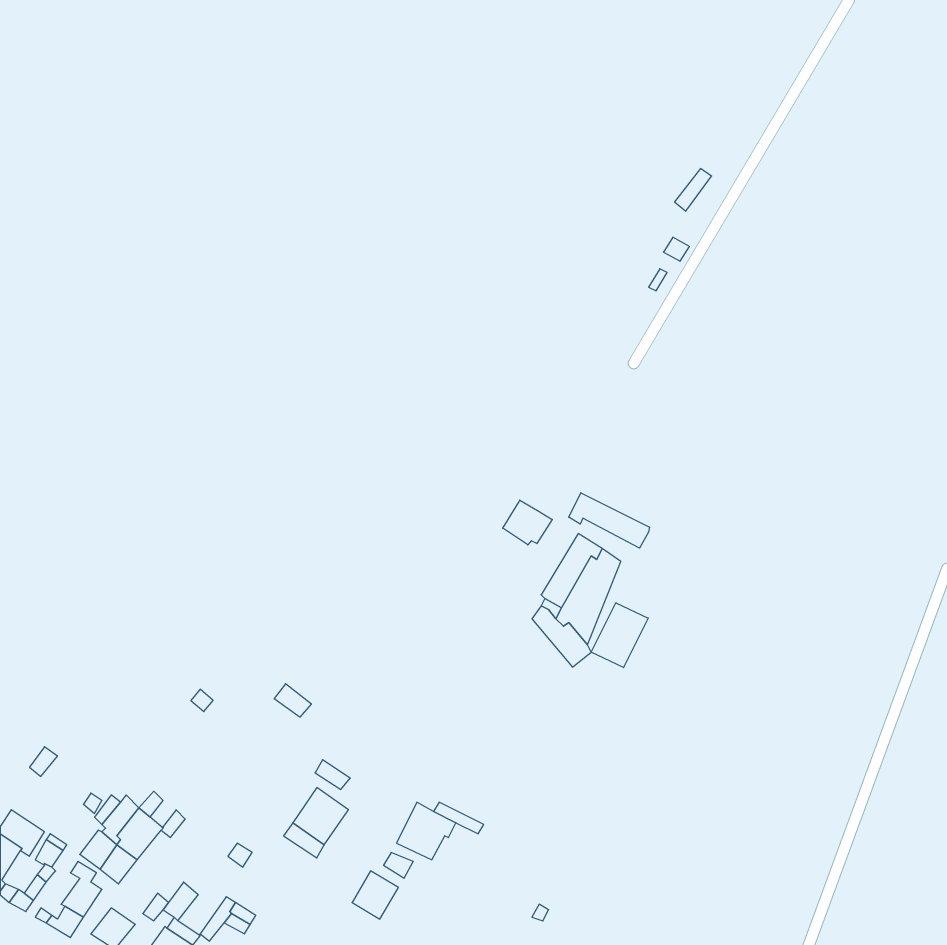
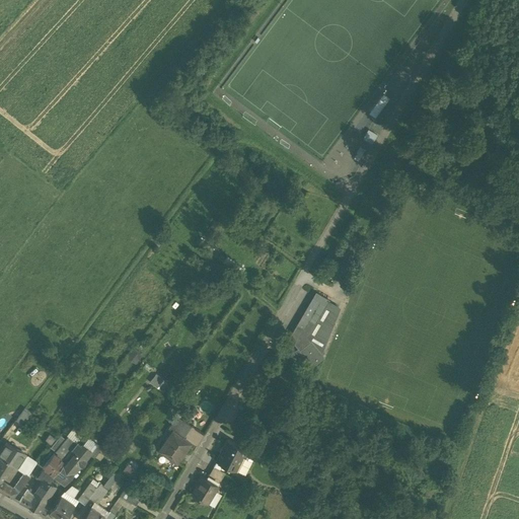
building: [569,493,649,548] -> none
building: [503,500,552,545] -> none
building: [591,603,648,668] -> none

